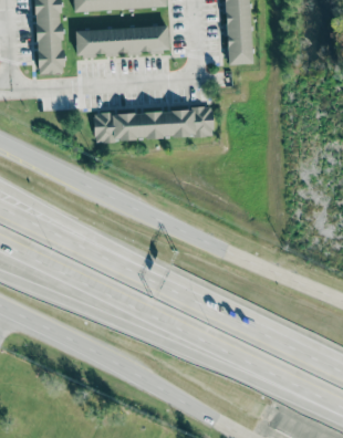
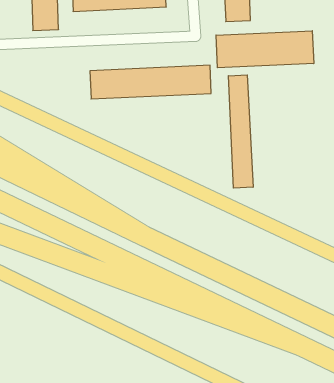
building: none -> [216,31,314,68]
building: none -> [228,75,253,188]

